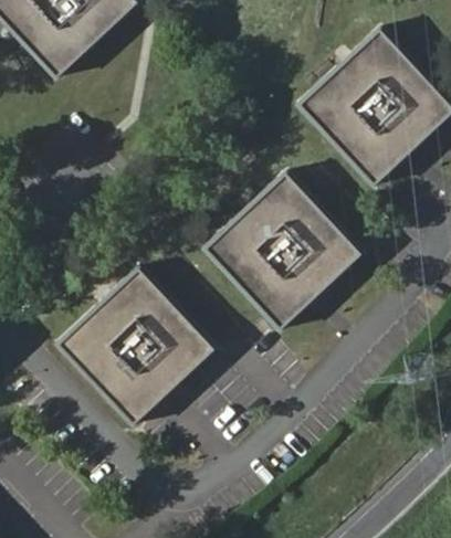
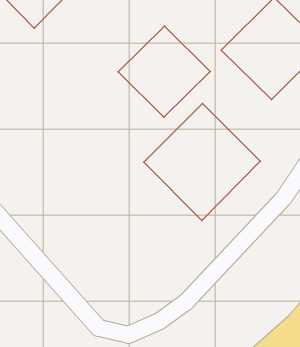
building: none -> [118,26,210,117]
building: [61,272,214,425] -> none

